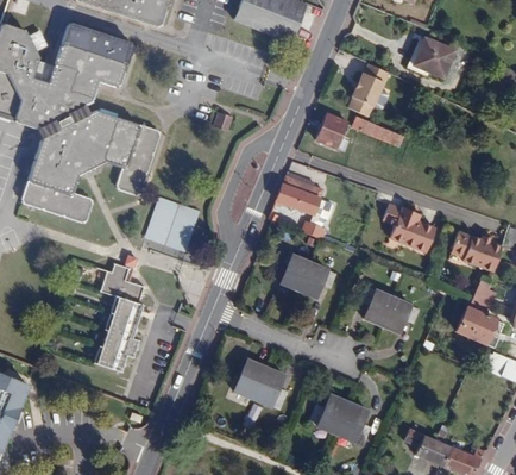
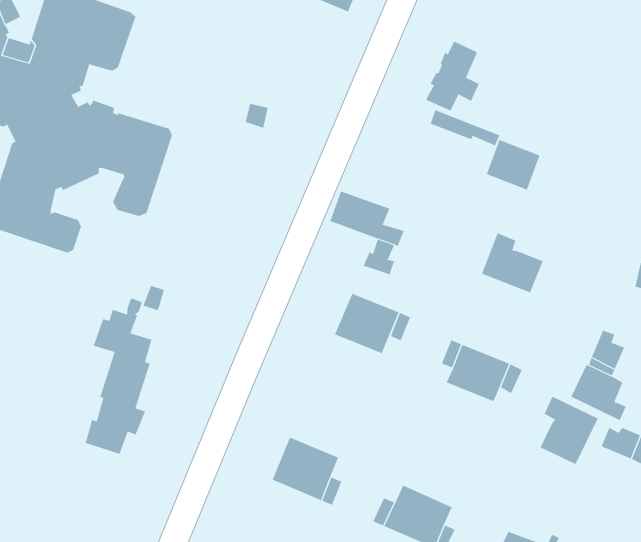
building: [413,39,455,77] -> none
building: [316,113,347,149] -> none
building: none -> [486,139,540,190]
building: [144,195,201,254] -> none
building: [452,232,502,271] -> none
building: none -> [540,396,598,465]

